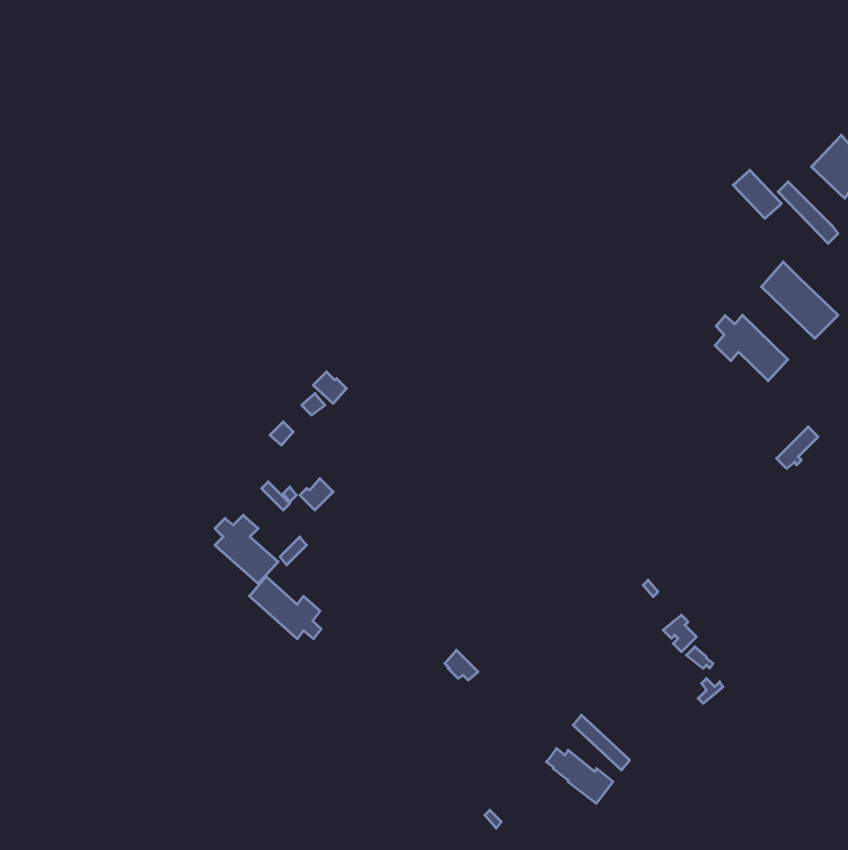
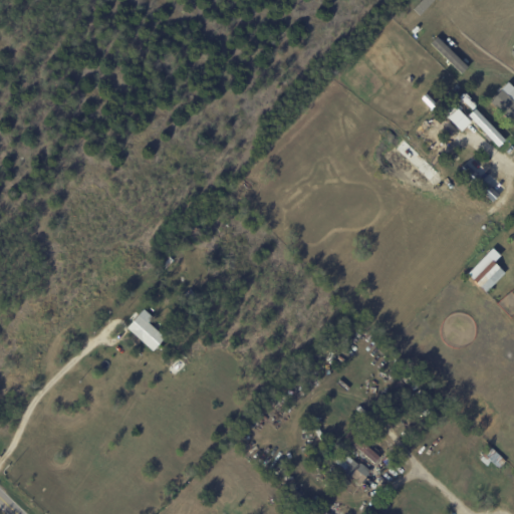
building: [715,315,788,381] -> none
building: [249,576,321,639] -> none

